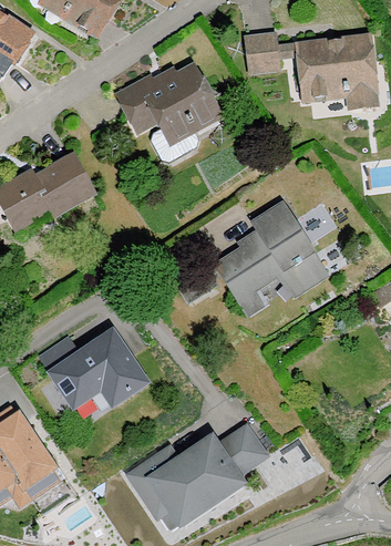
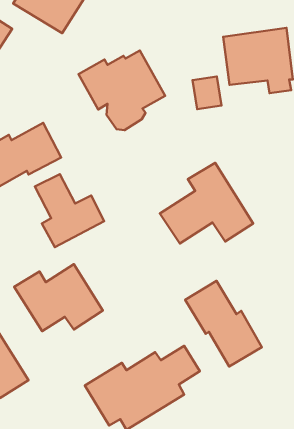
building: [245,38,280,78] -> [192,77,221,109]
building: none -> [35,174,104,247]
building: none -> [185,281,262,367]

